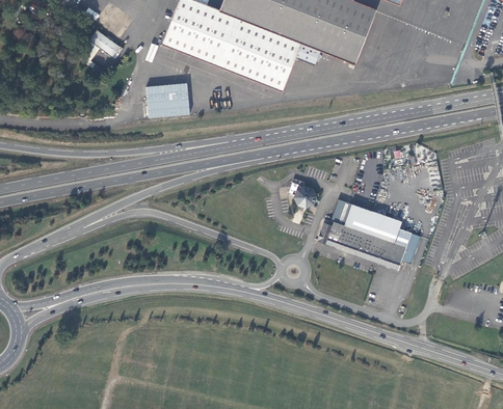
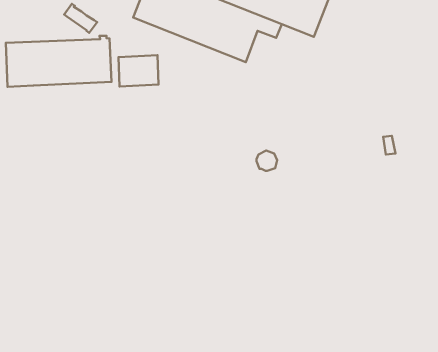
building: none -> [6,36,112,87]
building: [317,198,421,269] -> none

